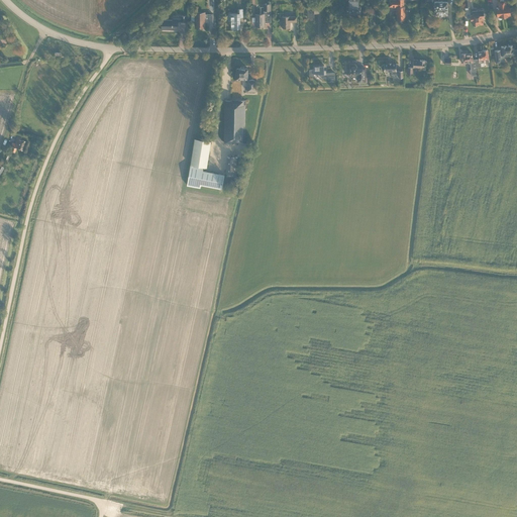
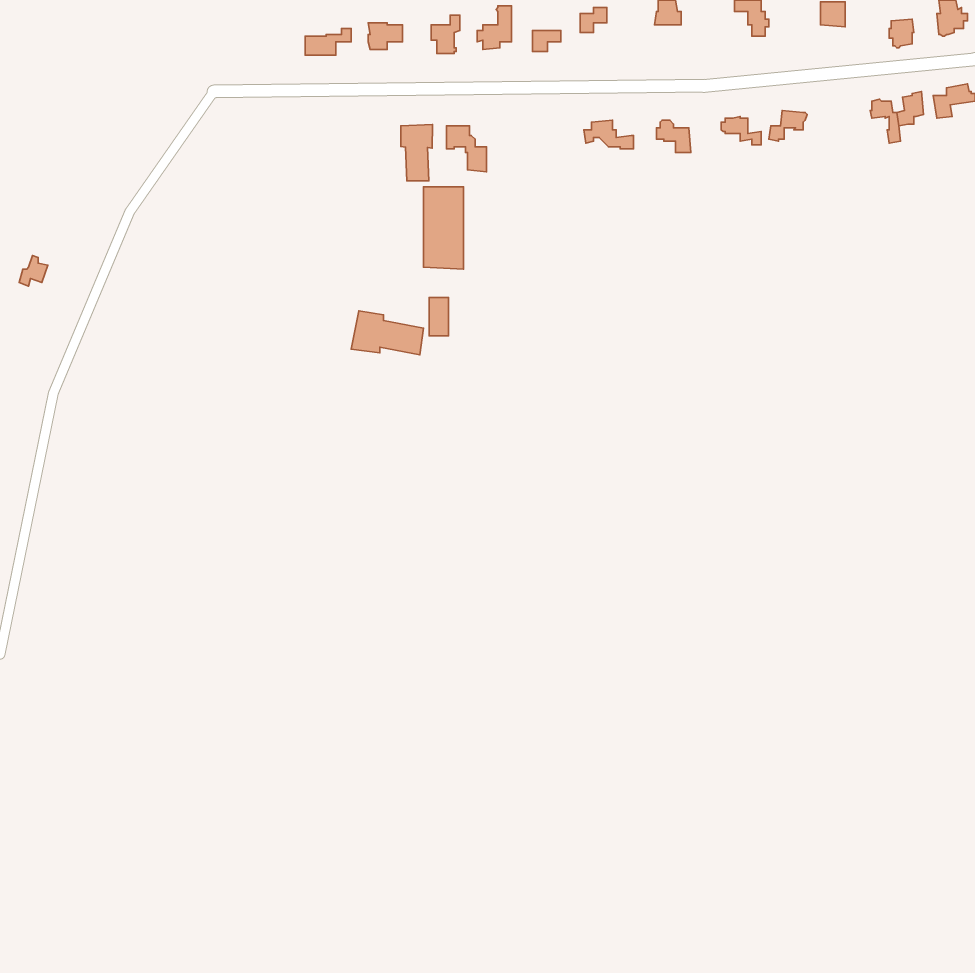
building: none -> [401,124,433,181]
building: [190,139,210,168] -> none

